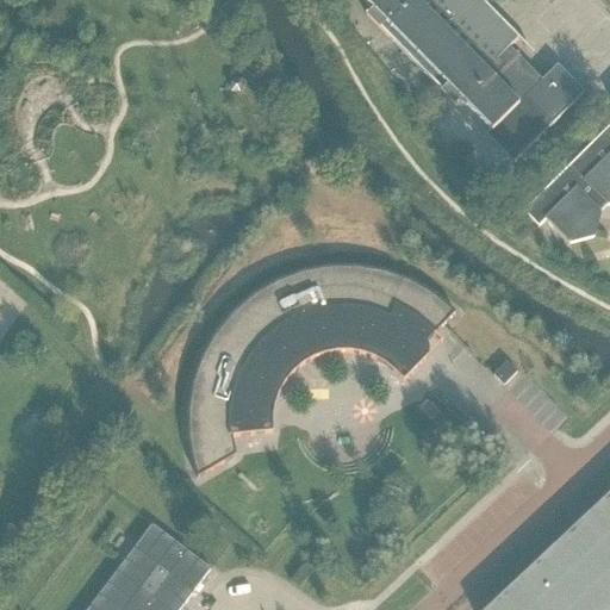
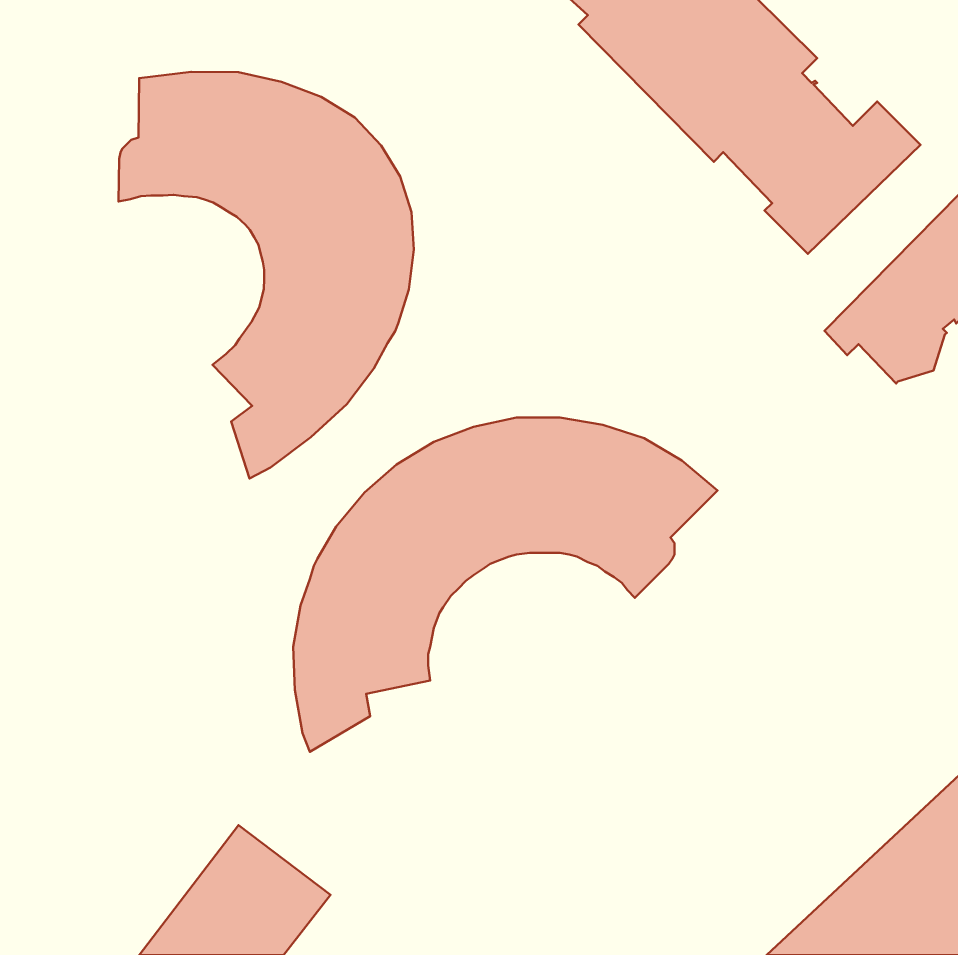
building: none -> [119,72,414,478]

